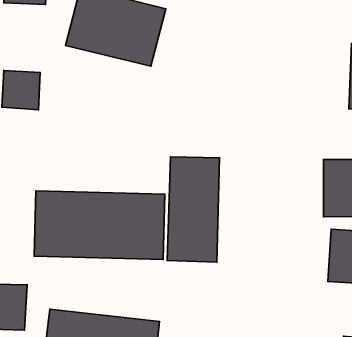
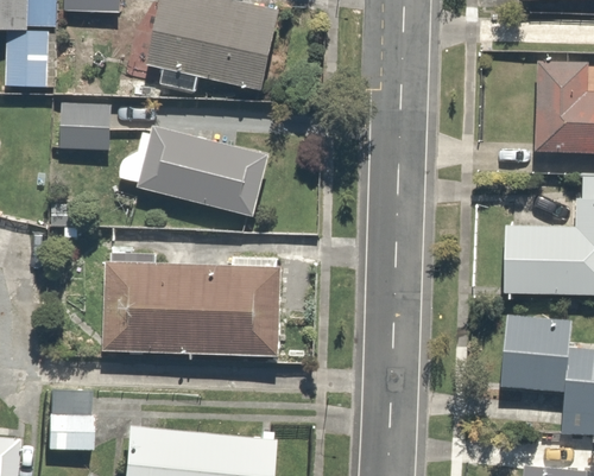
building: none -> [138,125,270,216]
building: [167,157,220,262] -> none

